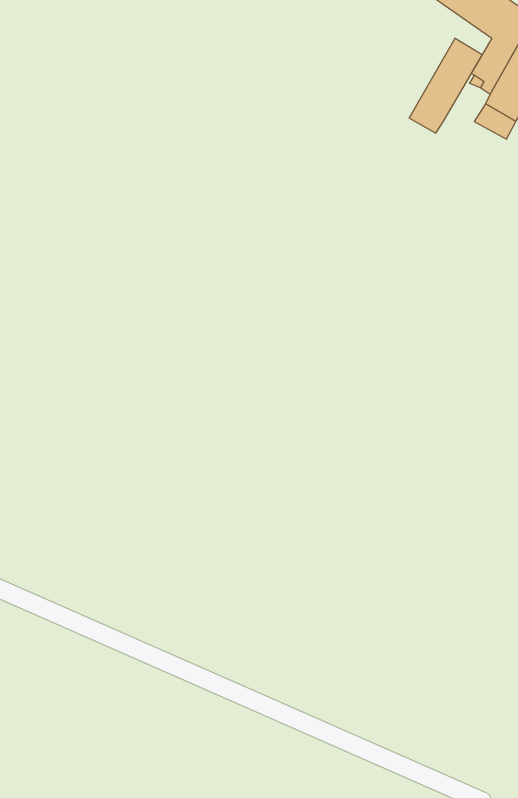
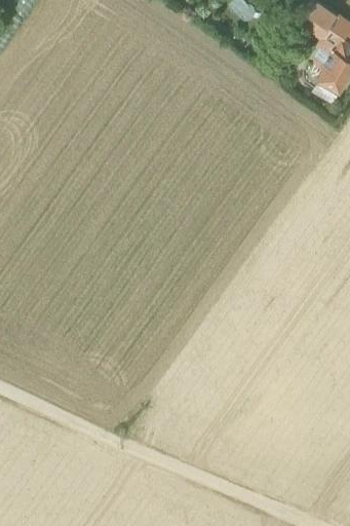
building: [409,38,482,133] -> none

